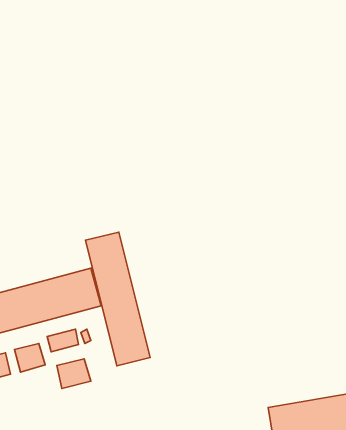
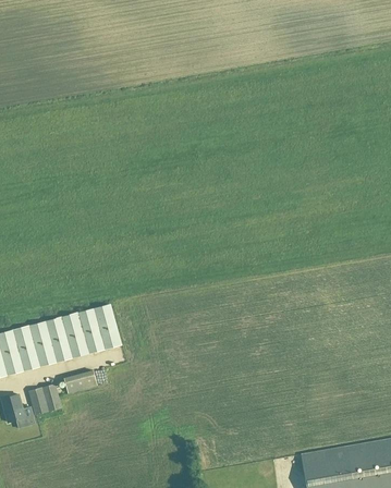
building: [85,232,150,366] -> none
building: [57,359,91,388] -> none

